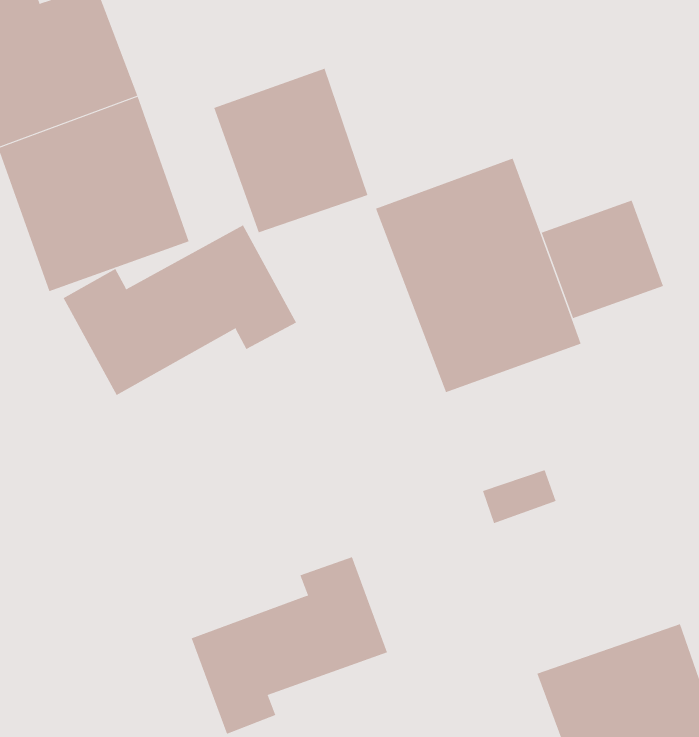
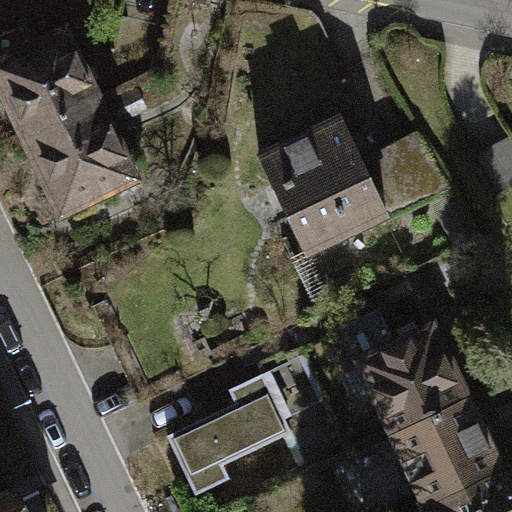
building: [214,68,368,233] -> none
building: [63,225,297,396] -> none
building: none -> [344,324,473,435]

